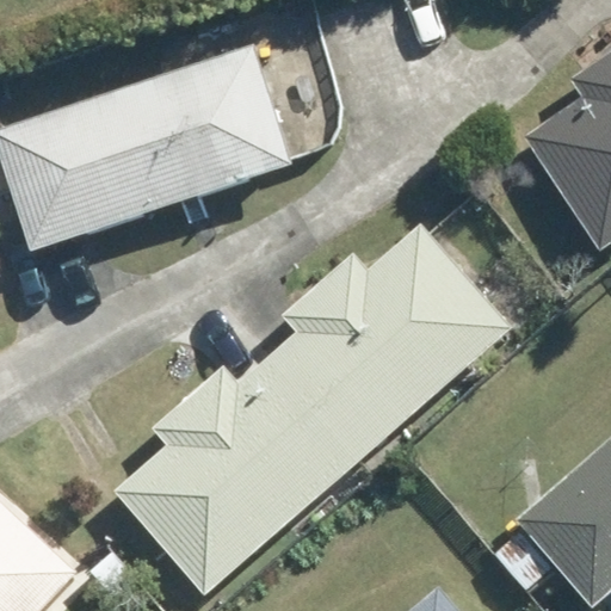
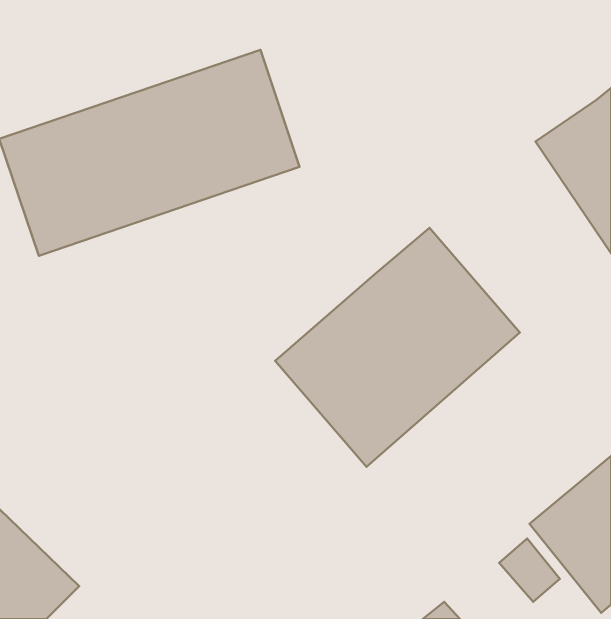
building: [112,353,359,594] -> none

